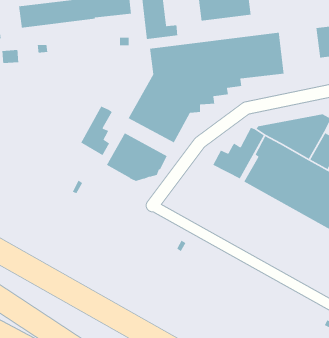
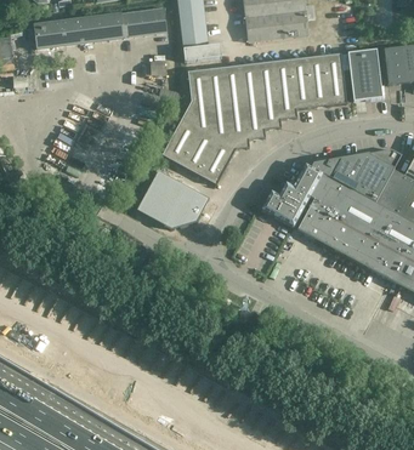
building: none -> [347,49,382,101]
building: [80,105,113,156] -> none

